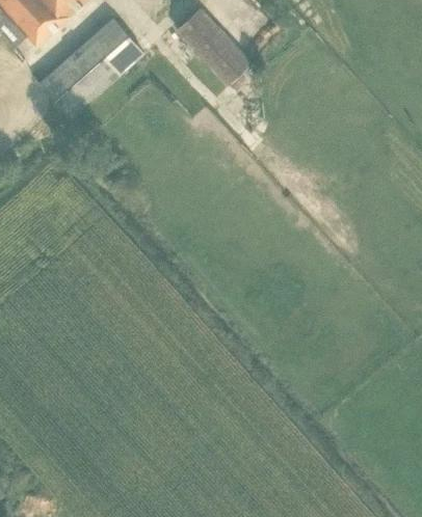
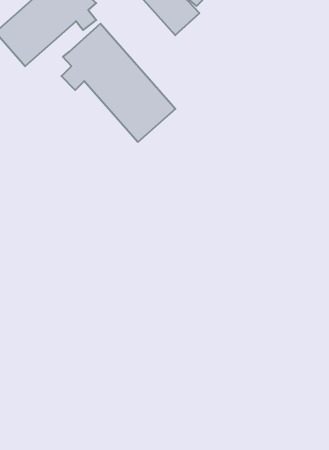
building: none -> [61,24,175,142]

